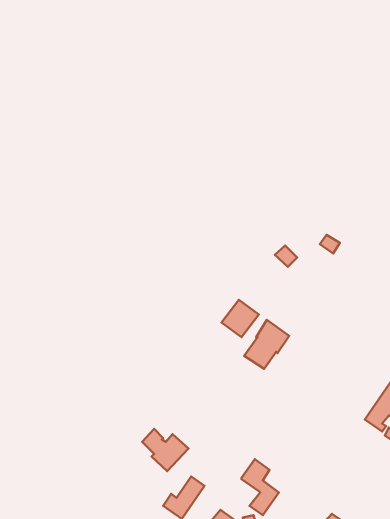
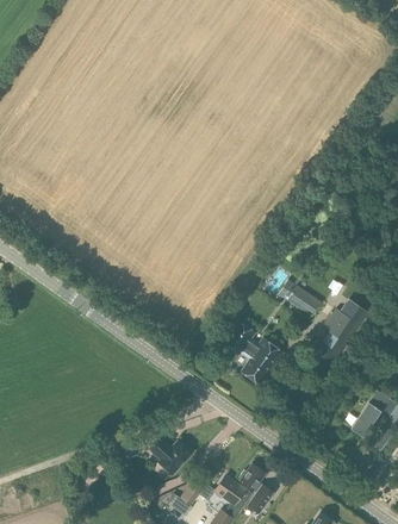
building: none -> [284,282,323,318]
building: none -> [307,310,357,381]
building: none -> [214,476,255,506]

